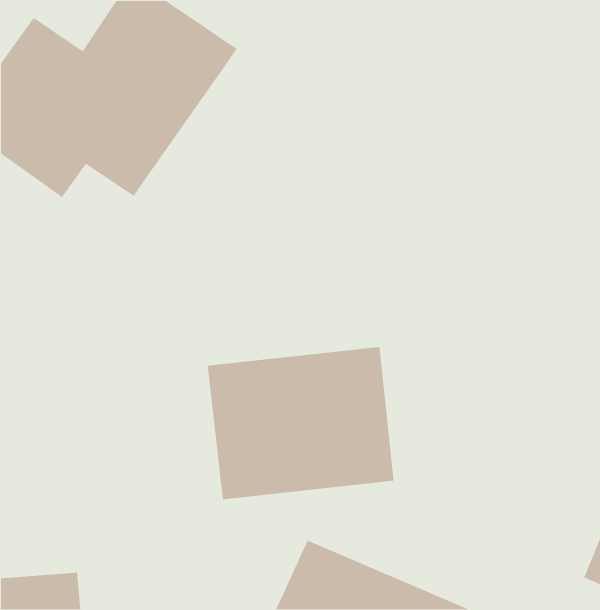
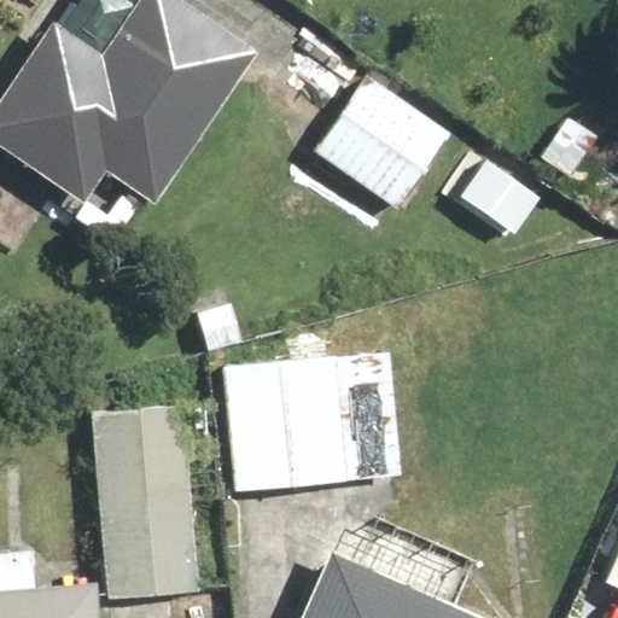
building: none -> [311,69,454,211]
building: none -> [99,387,203,583]

